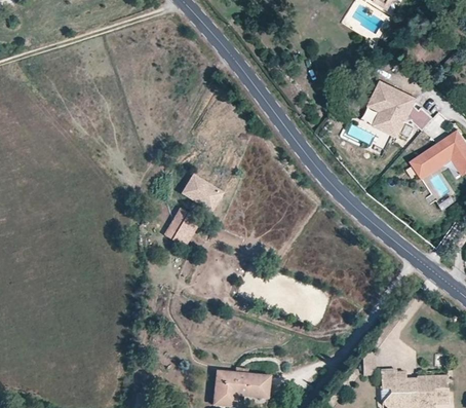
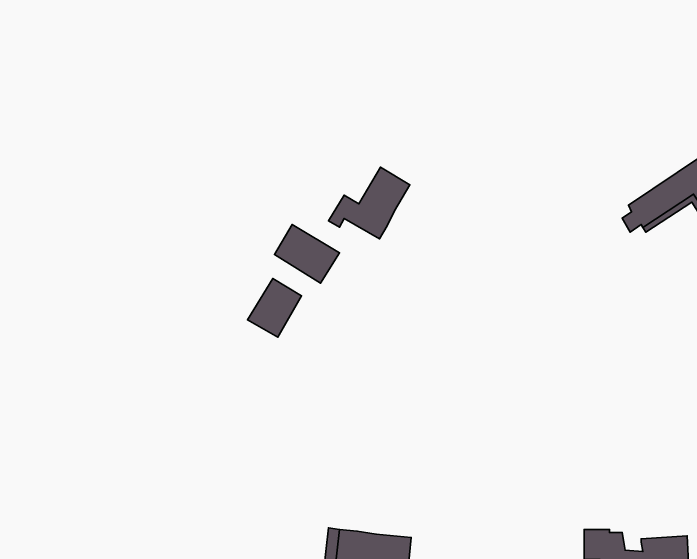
building: [367,79,433,149] -> none
building: none -> [329,167,410,239]

